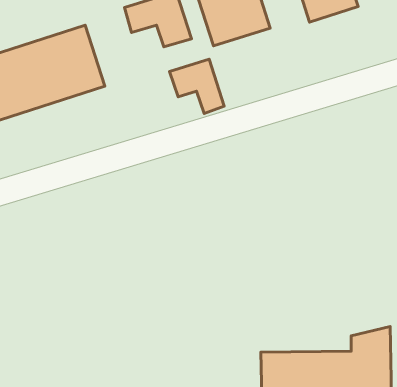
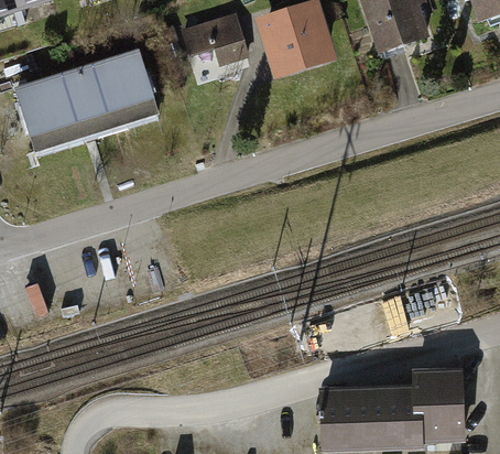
building: [170,59,224,113] -> none

